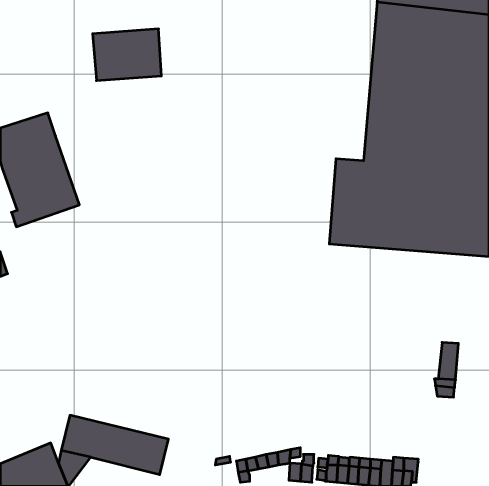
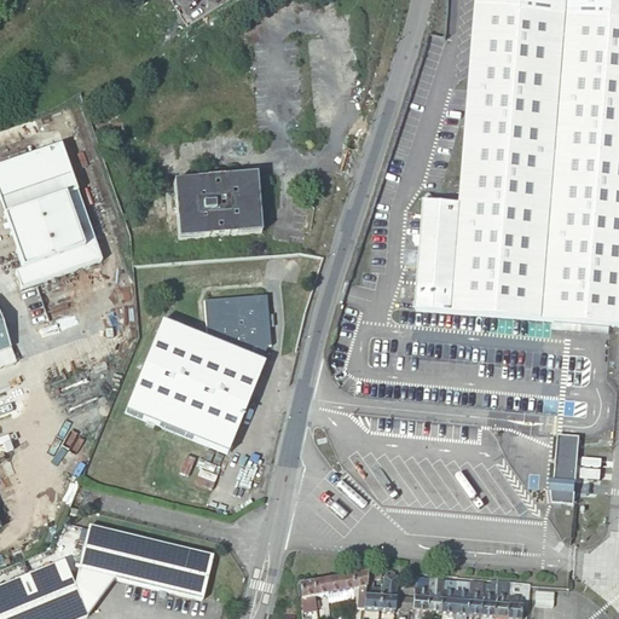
building: [93,29,161,81] -> [172,169,259,235]
building: none -> [125,294,271,451]

